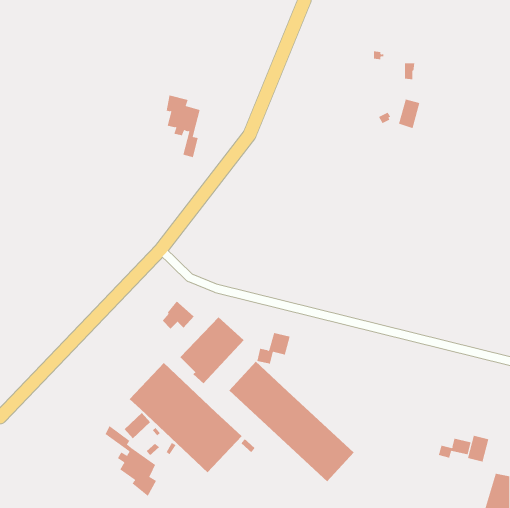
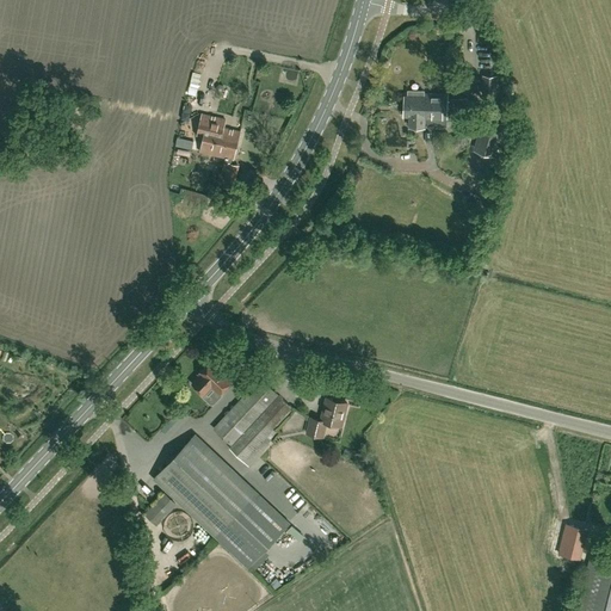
building: none -> [405,92,469,129]
building: [229,361,354,482] -> none
building: [105,425,157,497] -> none
building: [438,438,471,459] -> none

